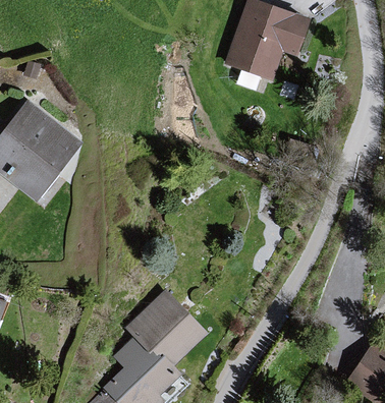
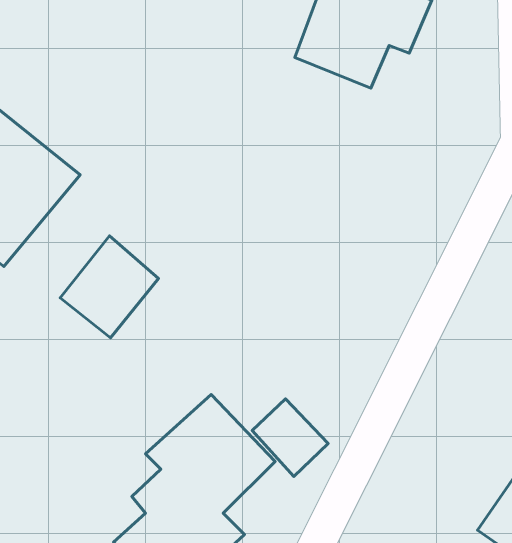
building: none -> [60,236,158,338]
building: none -> [252,399,328,476]

